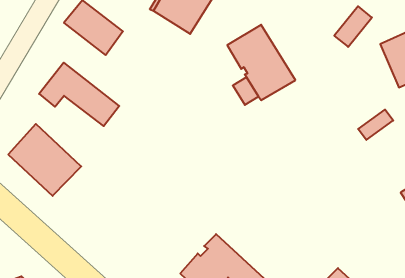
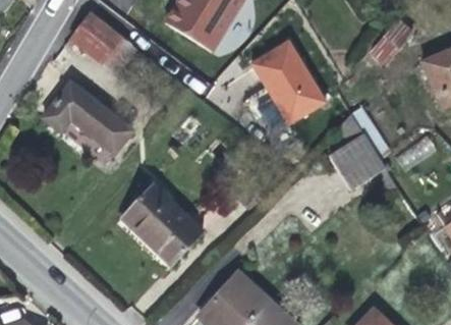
building: none -> [329,114,386,189]
building: [8,124,81,196] -> [122,184,203,264]

